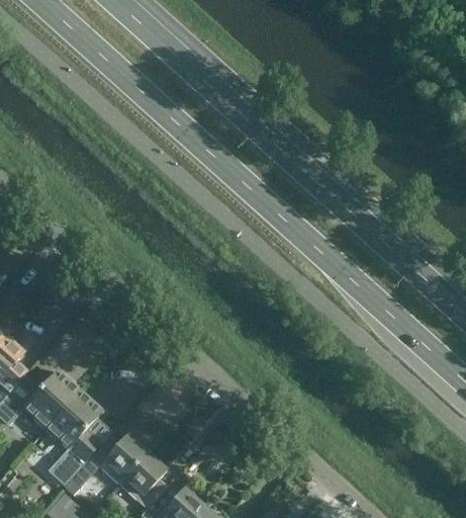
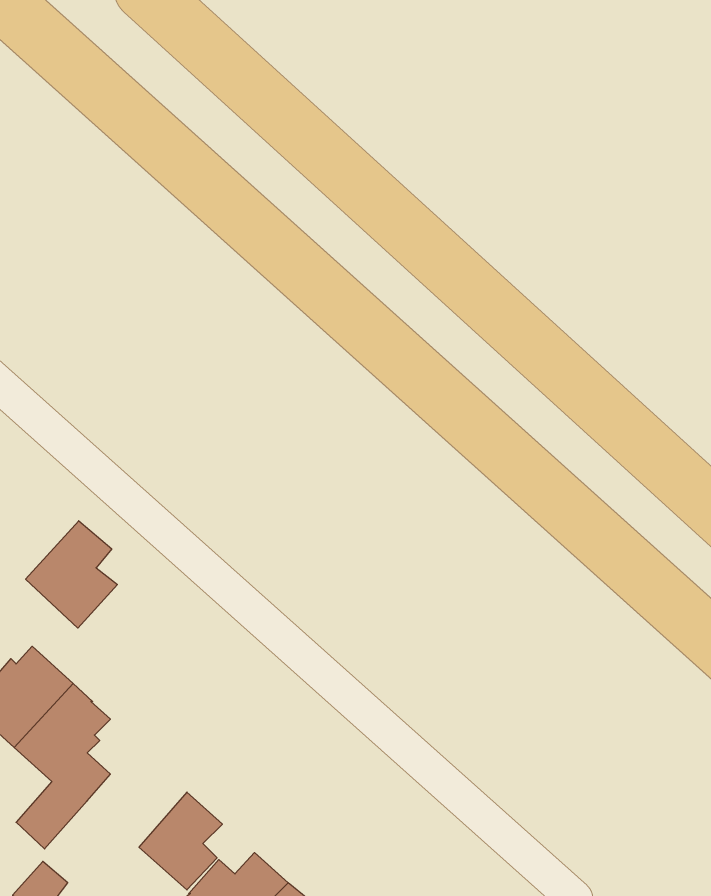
building: none -> [26,521,117,628]
building: [64,436,146,495] -> none

